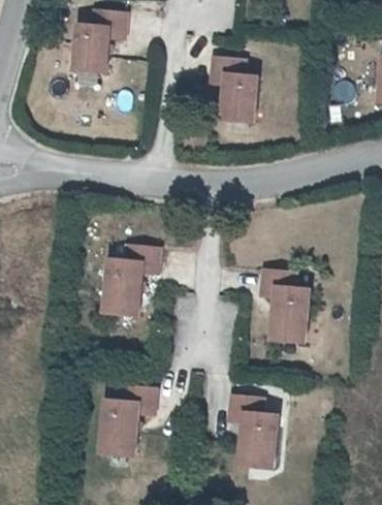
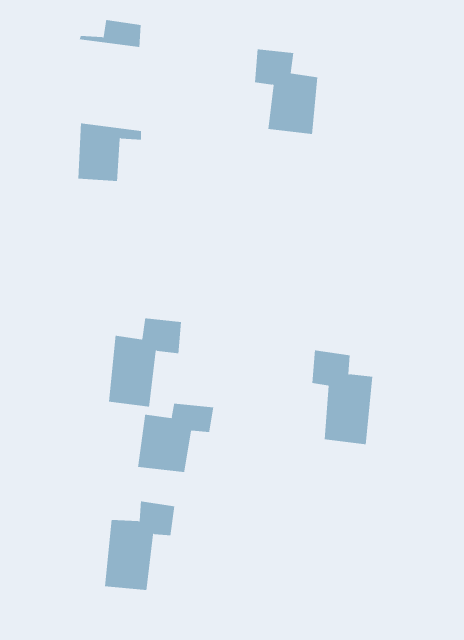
building: [76,31,126,76] -> [78,123,142,182]
building: none -> [137,403,214,473]
building: [225,398,275,469] -> none

